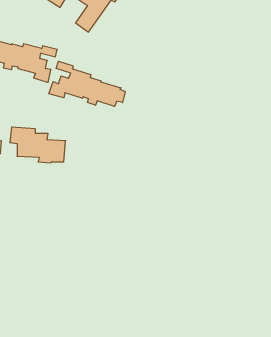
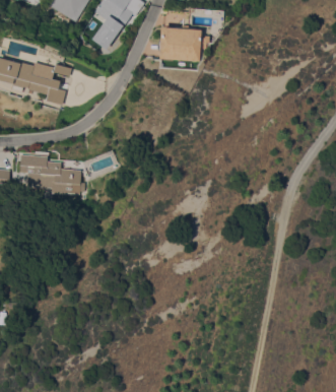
building: none -> [158,24,208,61]
building: [49,61,125,106] -> none

